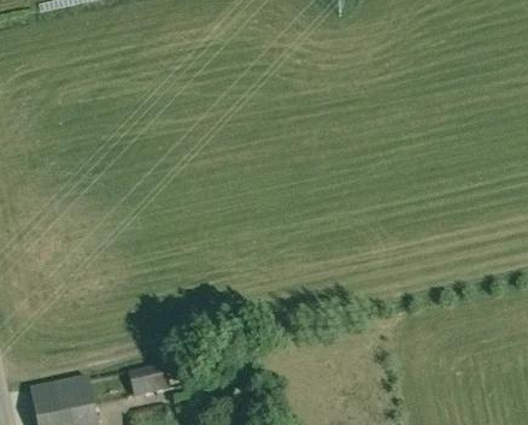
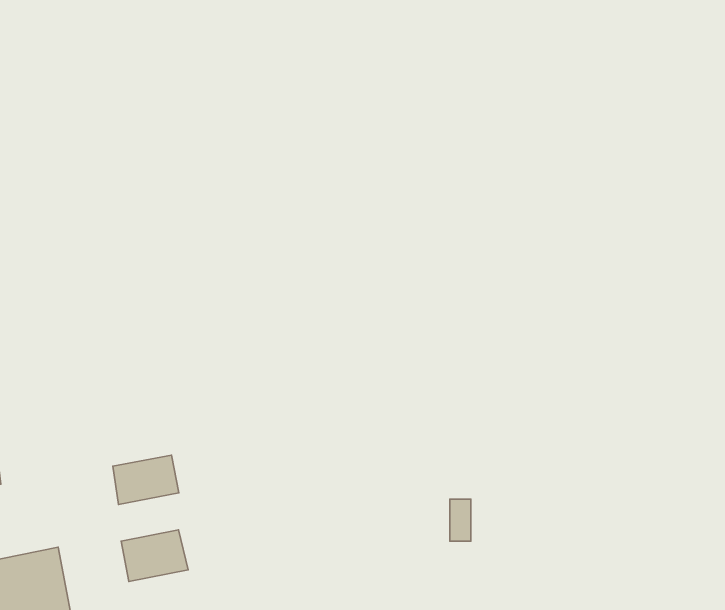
building: none -> [113,455,179,505]

